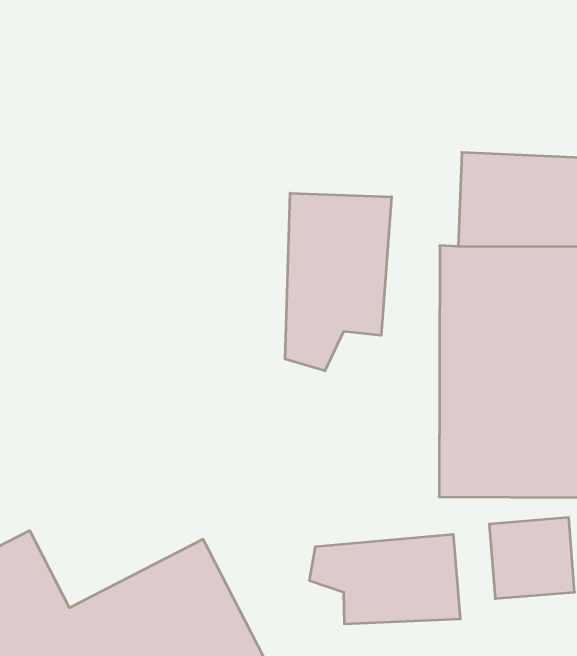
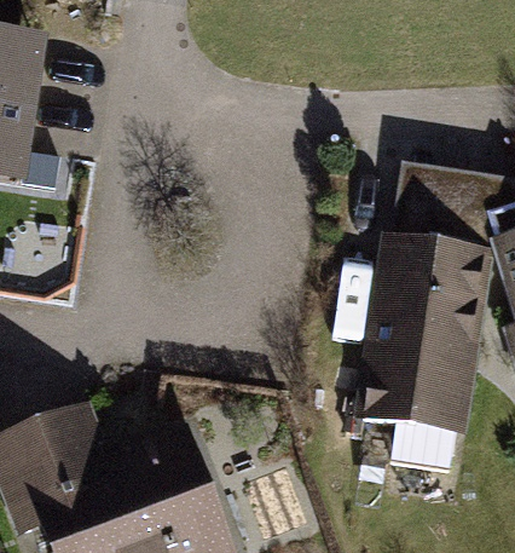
building: [285,193,392,371] -> none
building: [310,534,460,624] -> none

